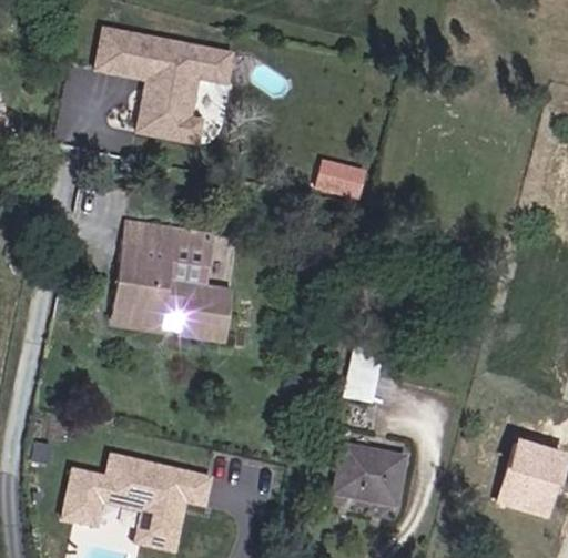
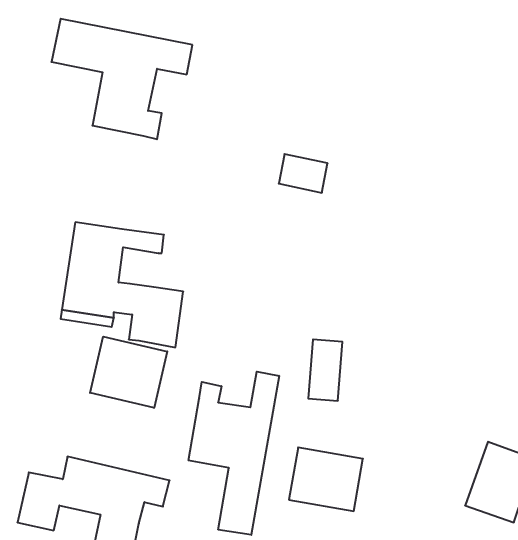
building: [163,248,202,287] -> none
building: none -> [90,337,167,408]
building: none -> [189,372,279,535]

